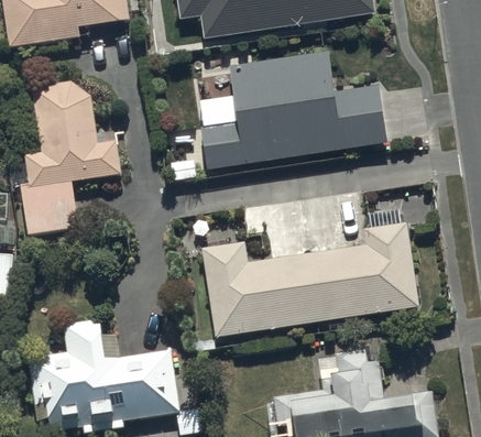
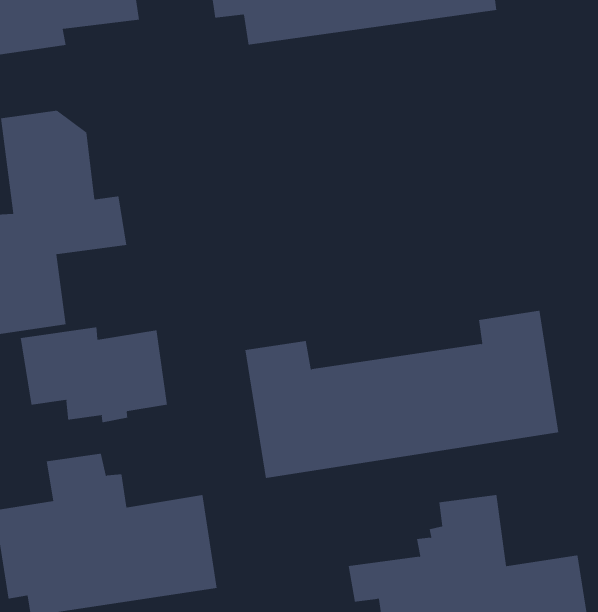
building: [201,50,384,167] -> none
building: none -> [20,327,168,423]

